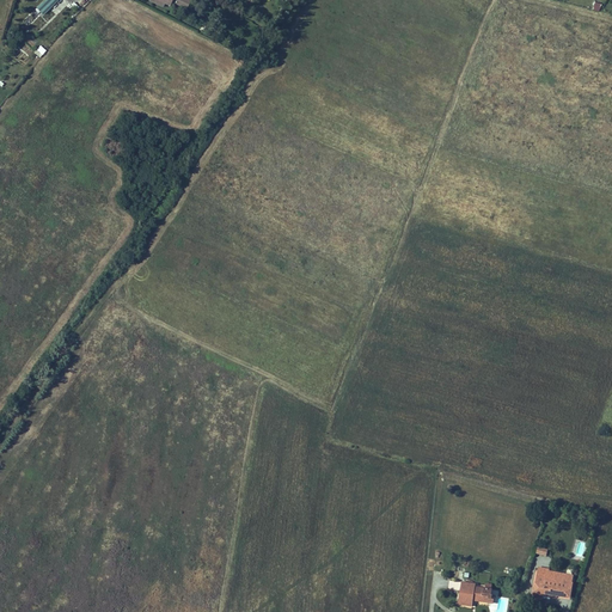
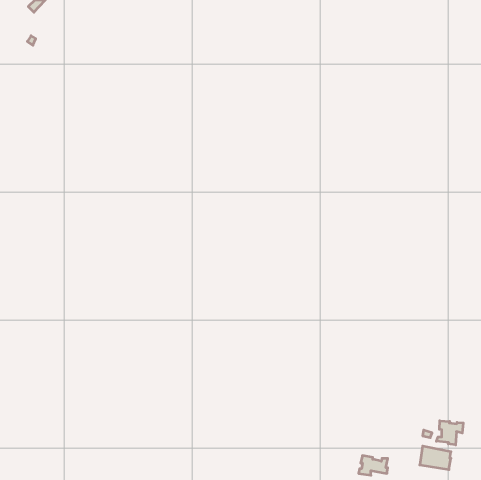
building: none -> [436,421,463,445]

